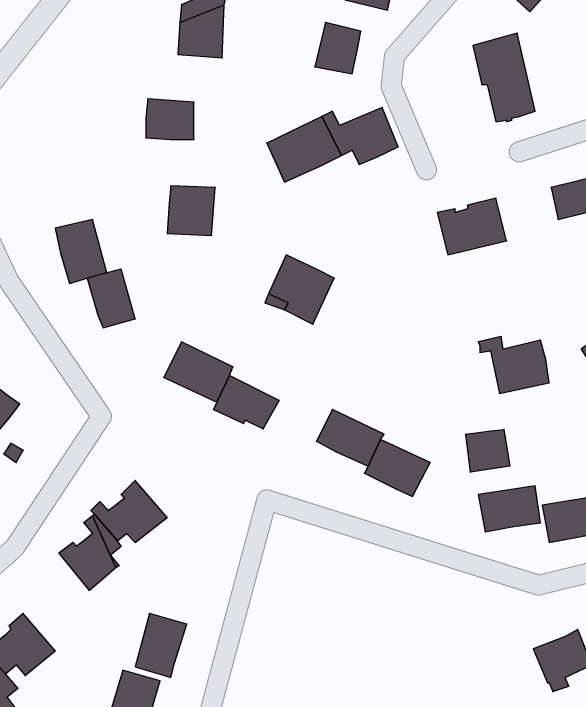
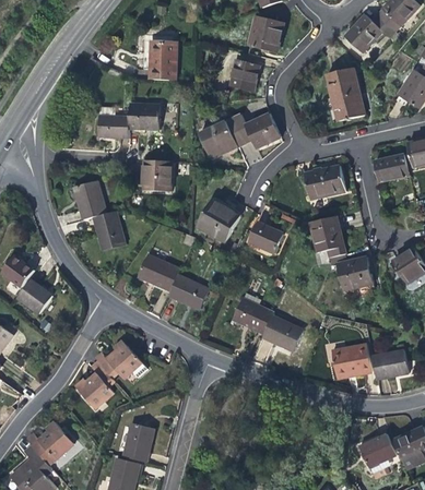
building: none -> [95,117,127,141]
building: none -> [312,213,349,255]
building: none -> [249,220,285,252]
building: [466,429,510,472] -> none

